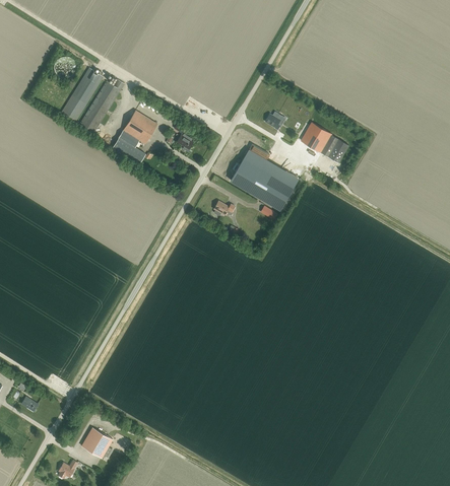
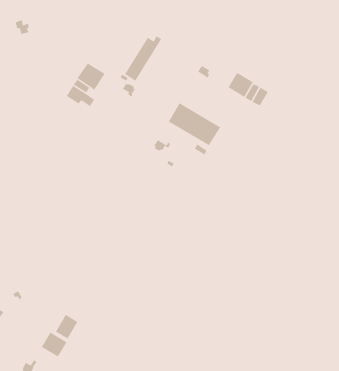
building: [60,66,104,122] -> none
building: [79,78,124,133] -> [124,35,162,82]
building: none -> [55,314,78,339]

